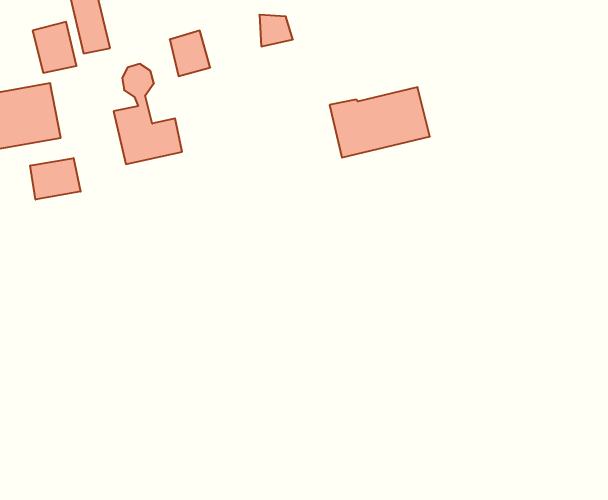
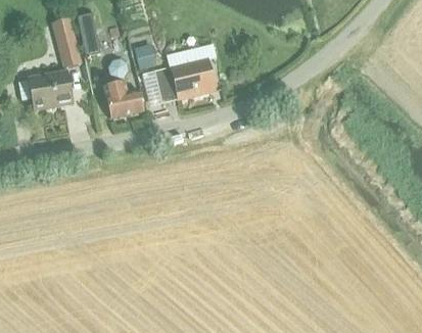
building: [330,87,430,158] -> [156,59,215,100]
building: [30,158,81,200] -> none

